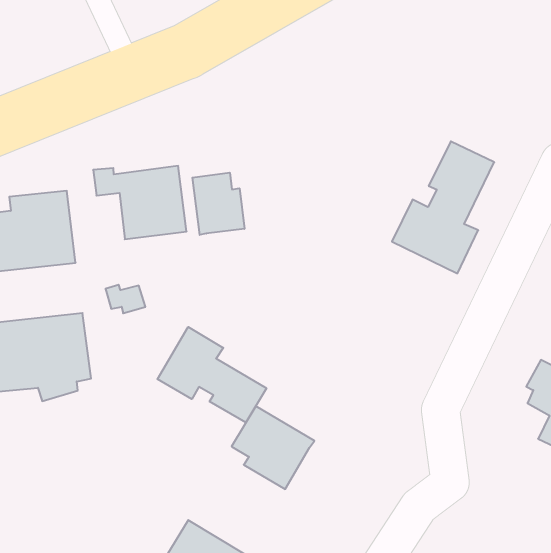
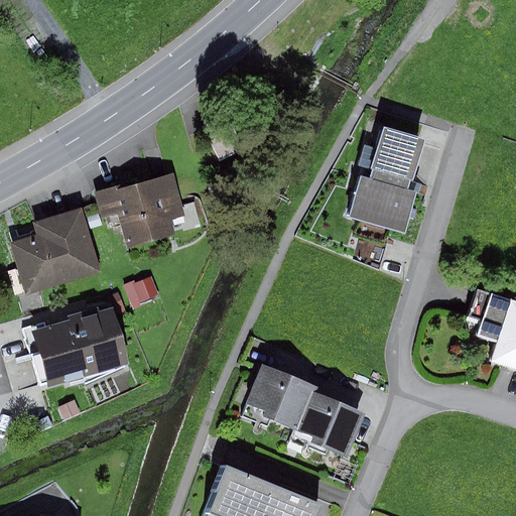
building: [192,173,244,235] -> none
building: [157,327,266,422] -> none
building: none -> [294,389,363,456]

